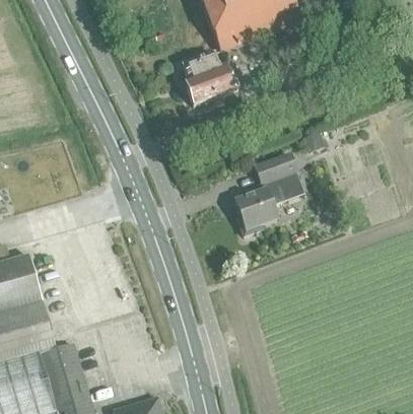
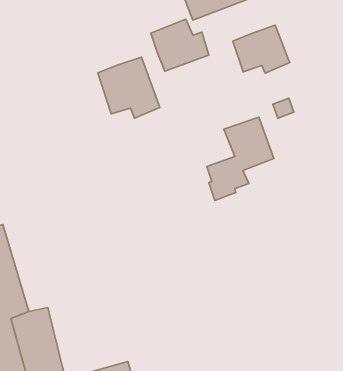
building: none -> [233,25,290,73]
building: none -> [98,57,160,118]

